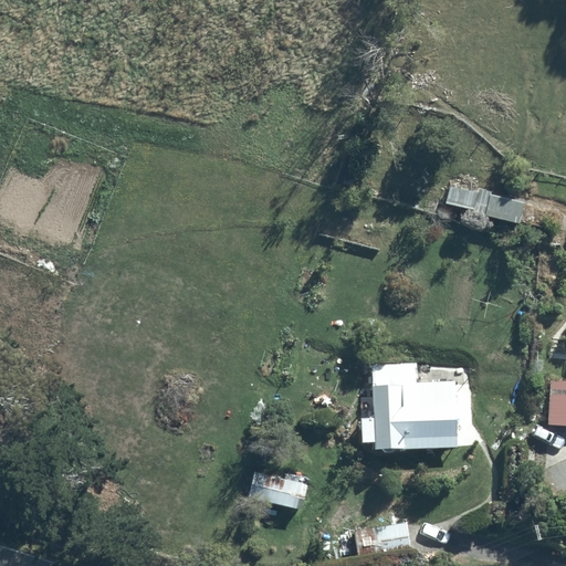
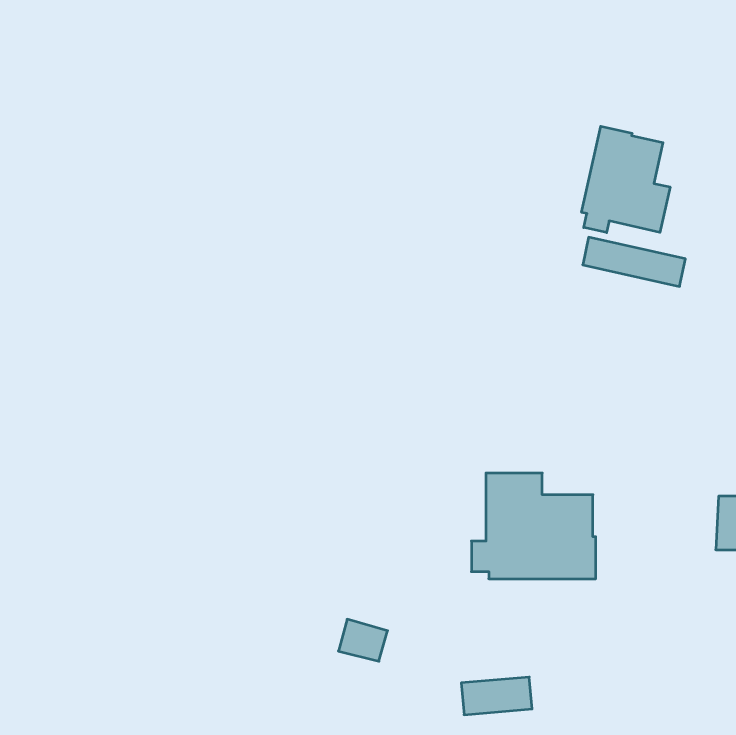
building: none -> [582,126,670,233]

